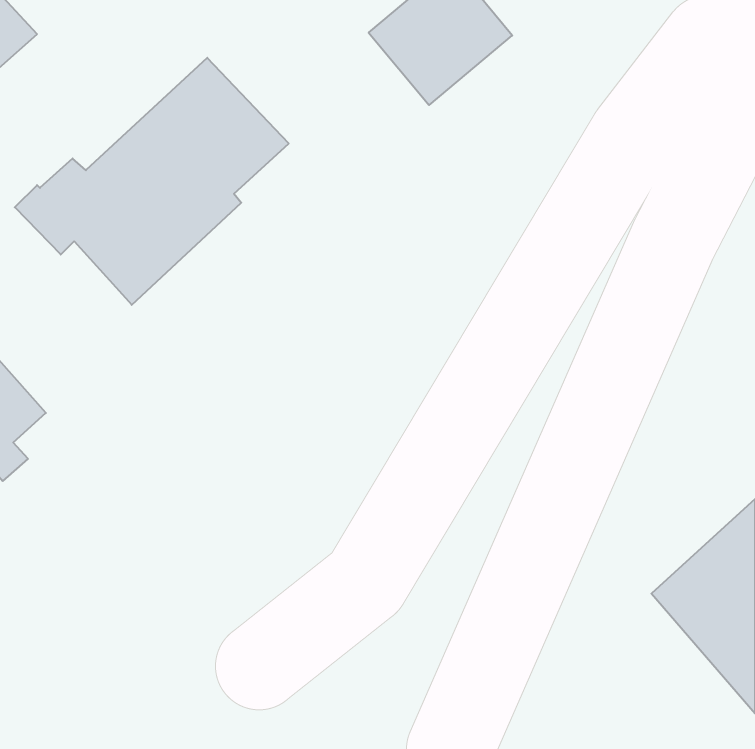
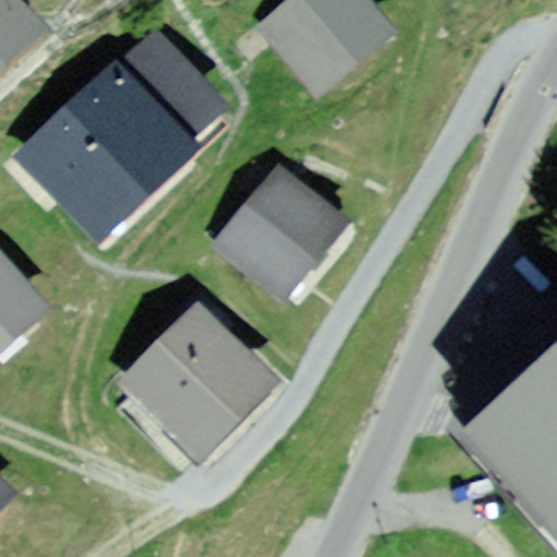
building: none -> [226,178,330,283]
building: none -> [129,314,263,446]

